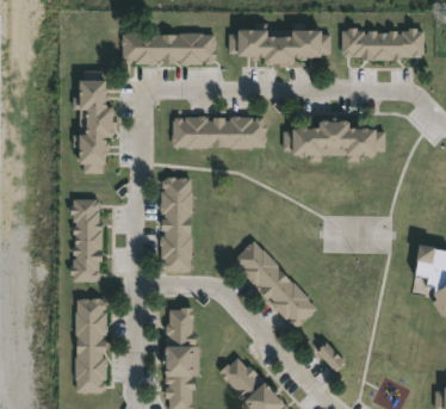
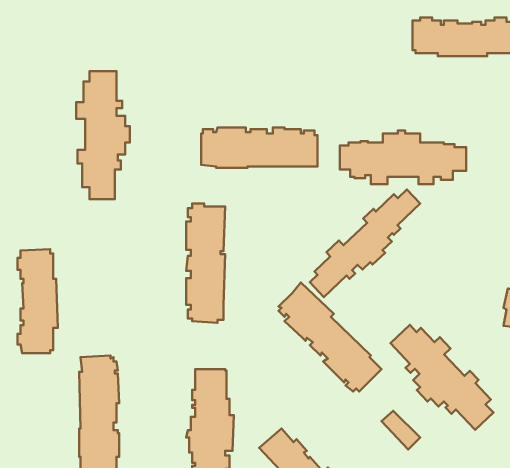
building: [229,23,330,66] -> none
building: [123,30,216,64] -> none
building: none -> [310,190,420,297]
building: [70,198,103,281] -> [18,249,58,353]
building: none -> [390,325,493,430]

